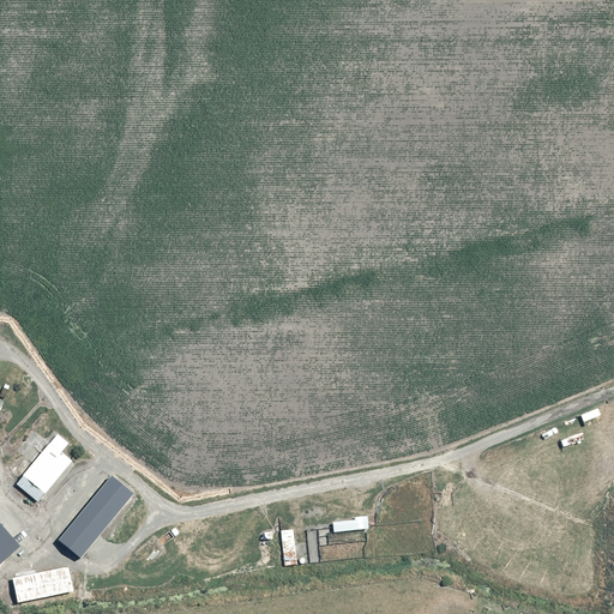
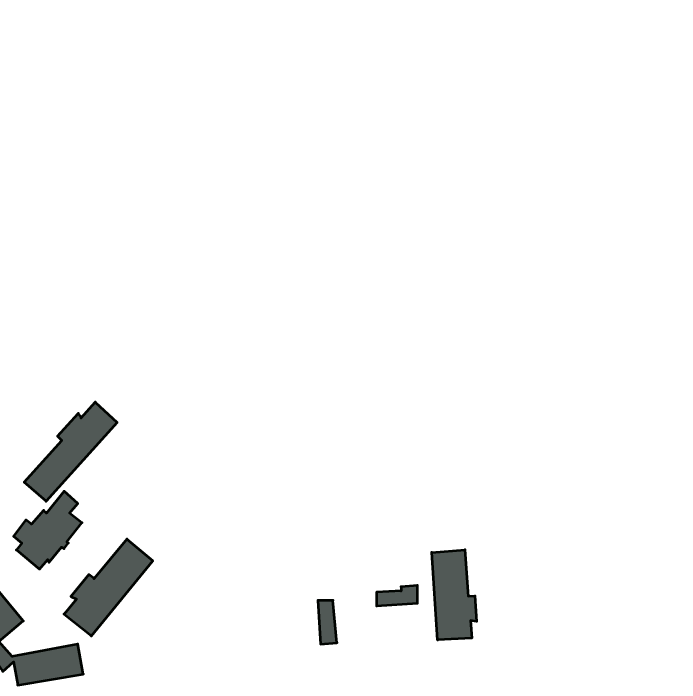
building: none -> [24,402,117,501]
building: none -> [432,550,477,640]

